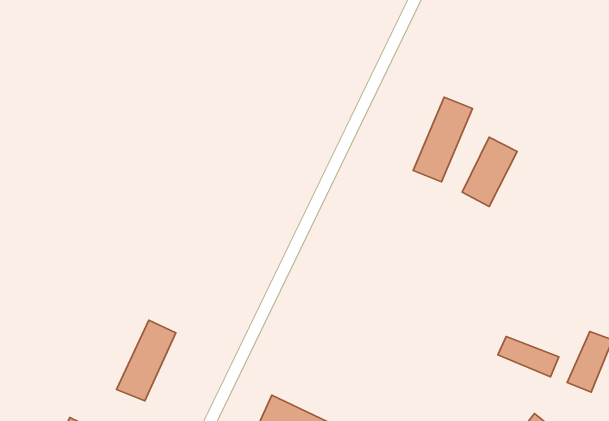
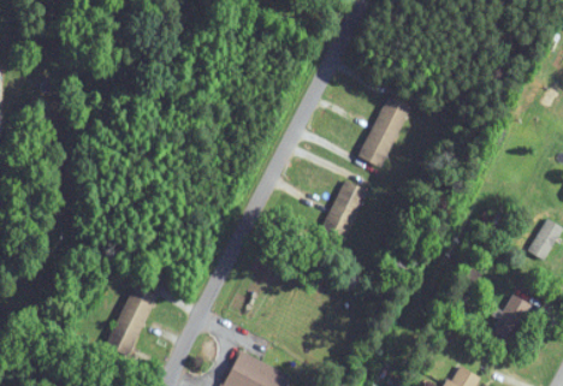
building: [462,137,517,206] -> [321,180,368,239]
building: [498,336,559,377] -> none

